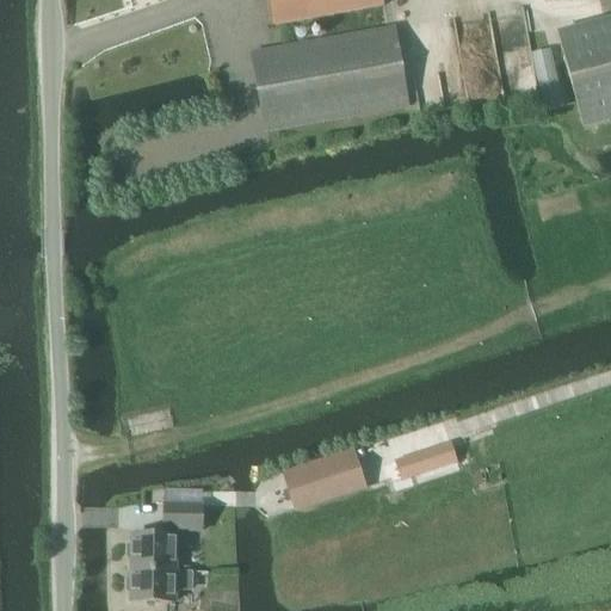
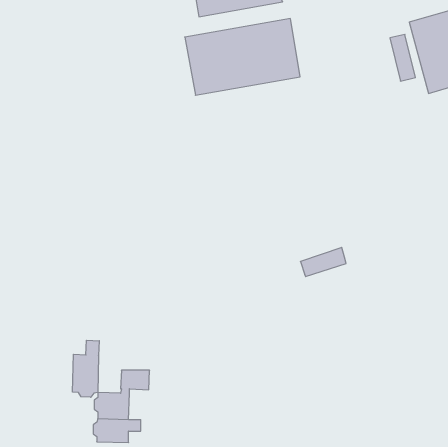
building: [395,439,457,479] -> [300,247,346,277]
building: [285,449,364,502] -> none
building: none -> [73,340,99,397]

